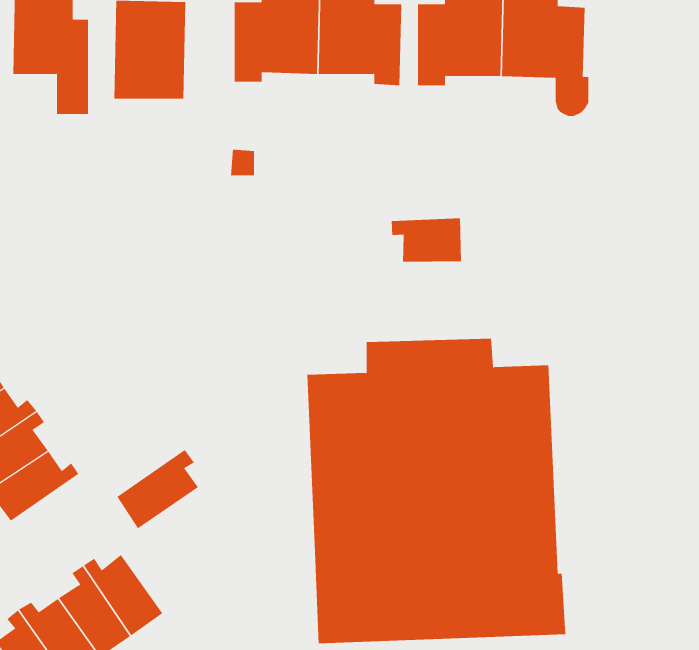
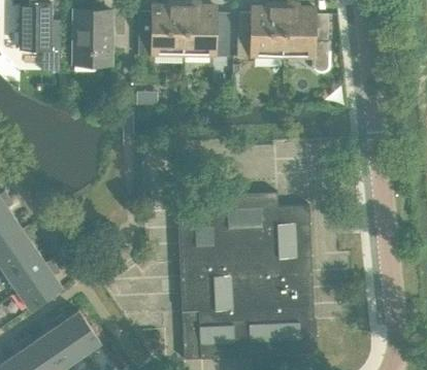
building: [391,218,462,262] -> none
building: [117,449,199,529] -> [18,267,62,310]

